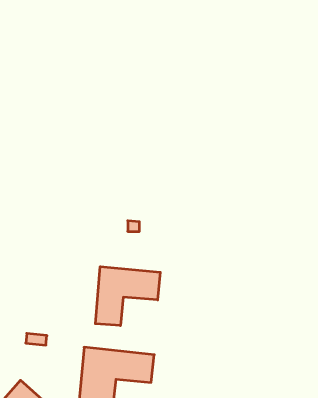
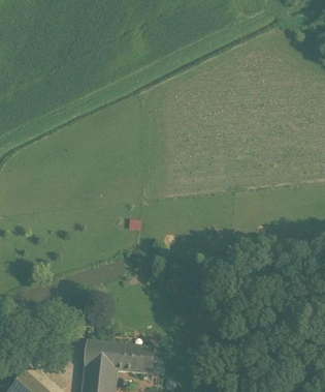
building: [95,267,160,326] -> none

